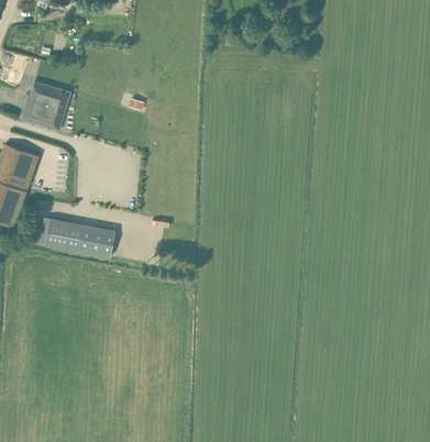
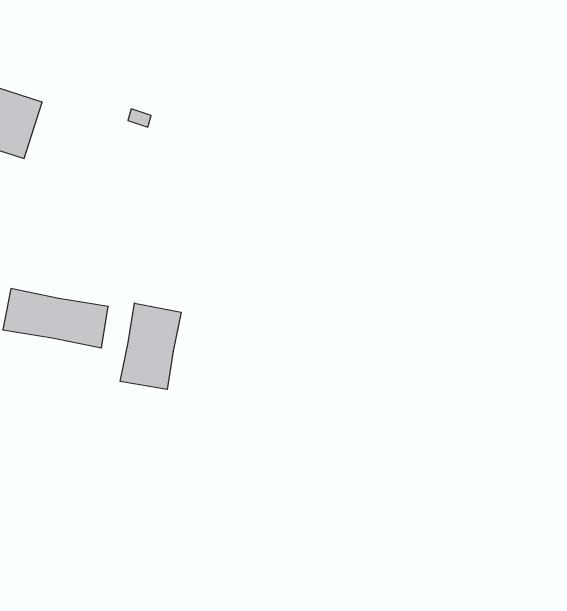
building: none -> [120,303,181,389]

